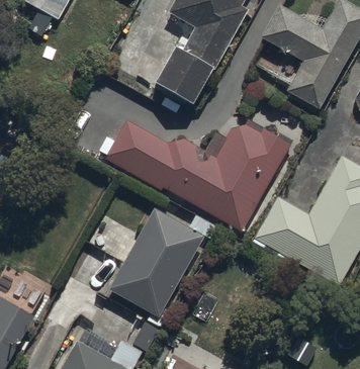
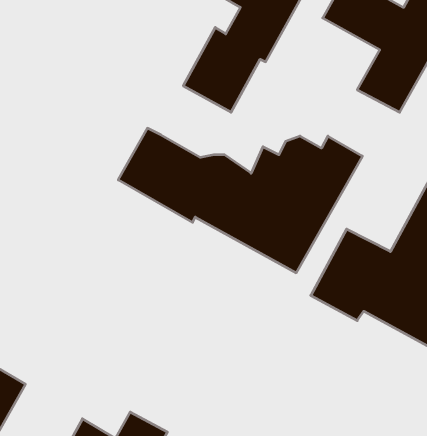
building: [108,207,217,333] -> none

